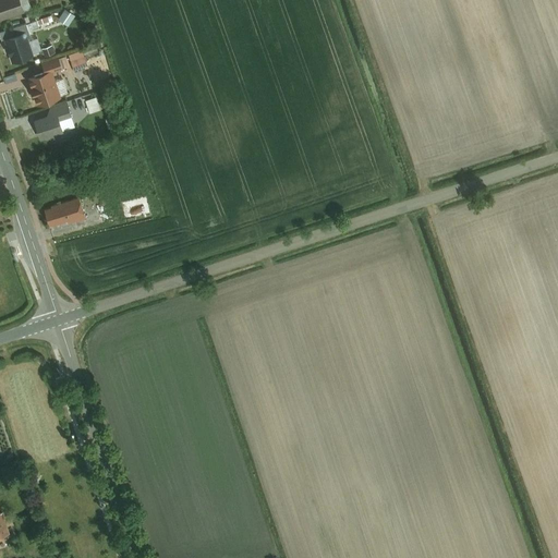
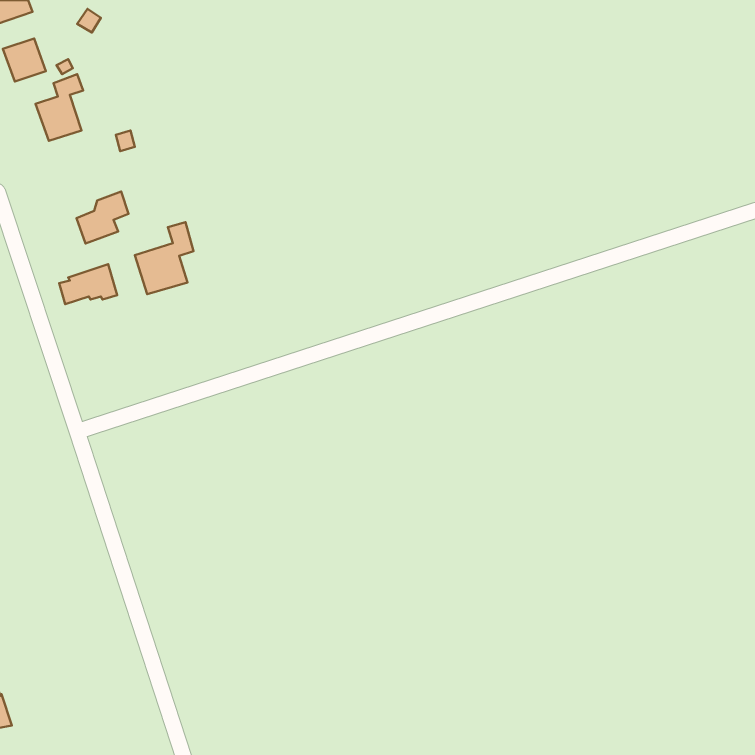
building: [34,101,72,140] -> [77,192,128,244]
building: none -> [135,222,194,294]

